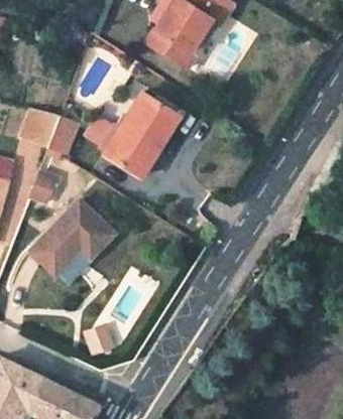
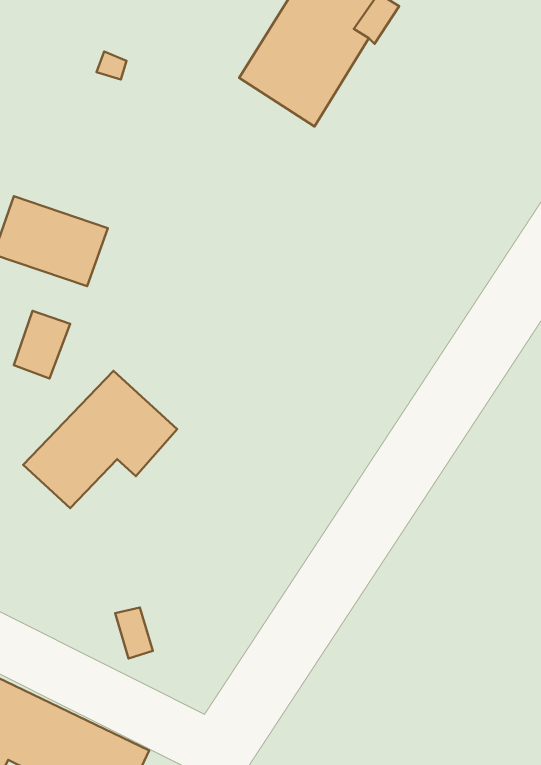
building: [101,93,179,177] -> none

